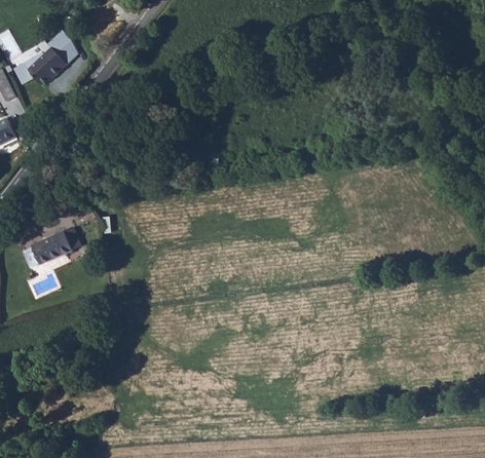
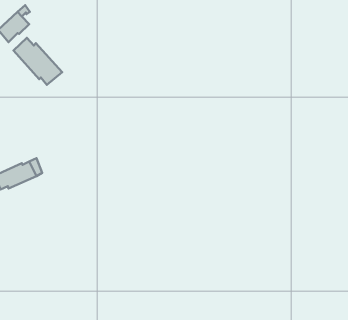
building: none -> [14,38,62,85]

